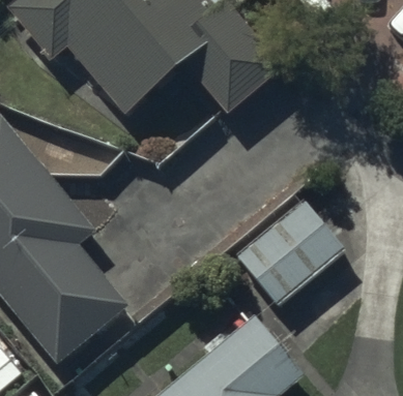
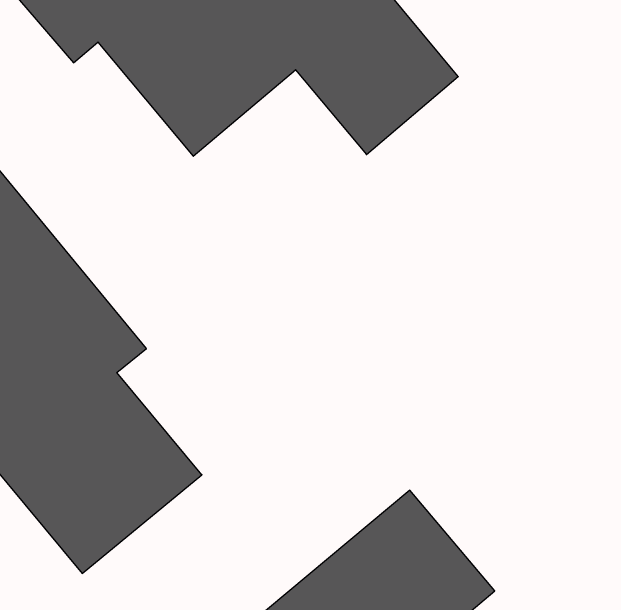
building: [236,202,345,307] -> none

